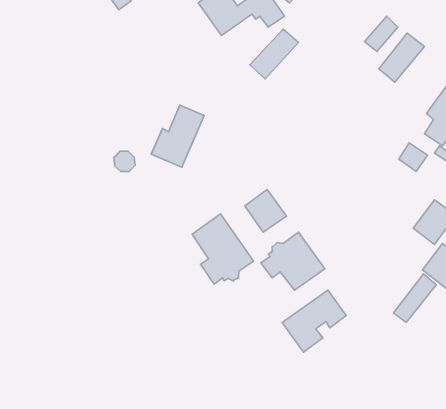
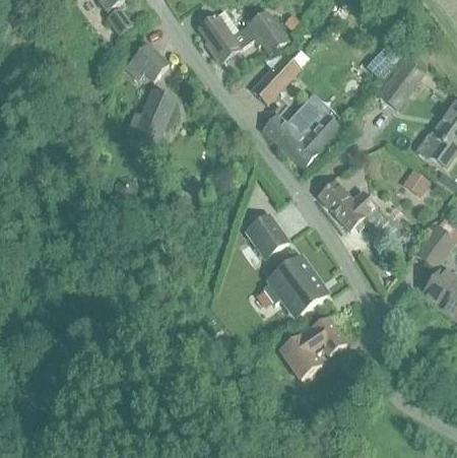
building: none -> [123,44,167,80]
building: none -> [261,95,339,165]
building: [151,105,204,167] -> [125,88,178,150]
building: none -> [318,181,395,244]
building: [192,214,253,284] -> none
building: [394,274,436,323] -> none

